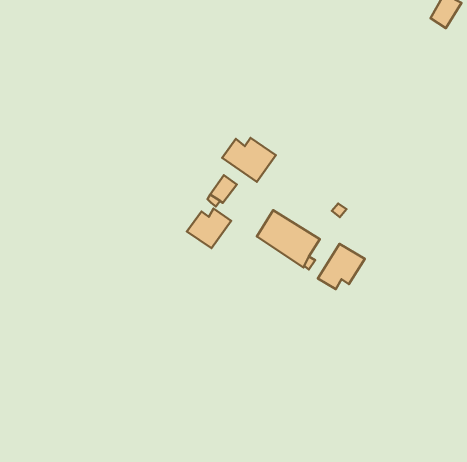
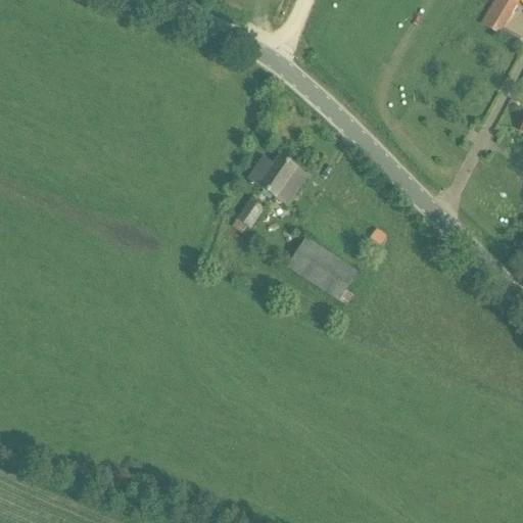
building: [187,209,231,248] -> none
building: [318,244,365,289] -> none

